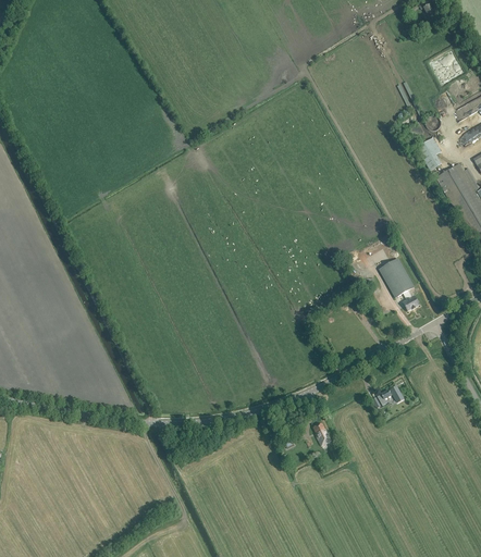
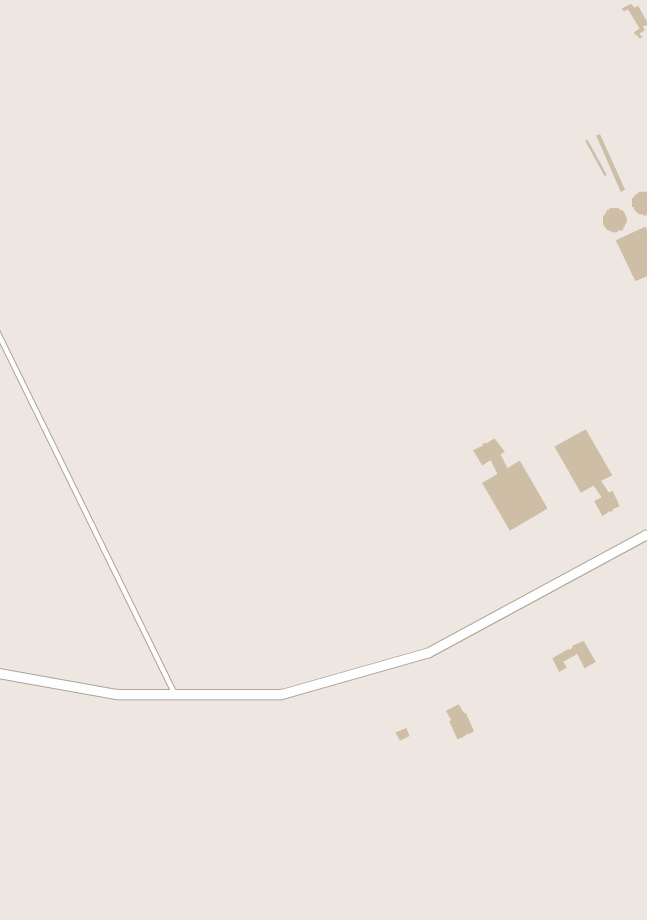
building: none -> [472,437,548,532]

